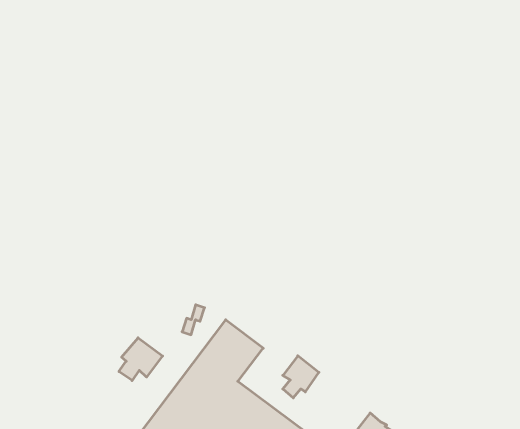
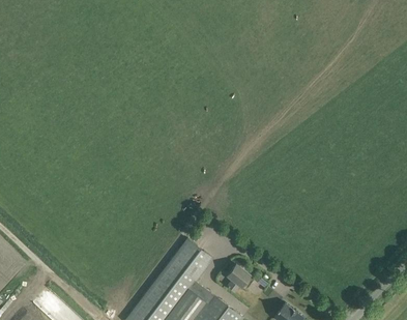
building: [119,338,163,381] -> none

